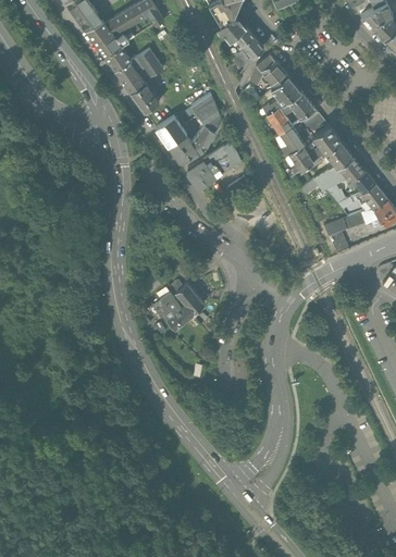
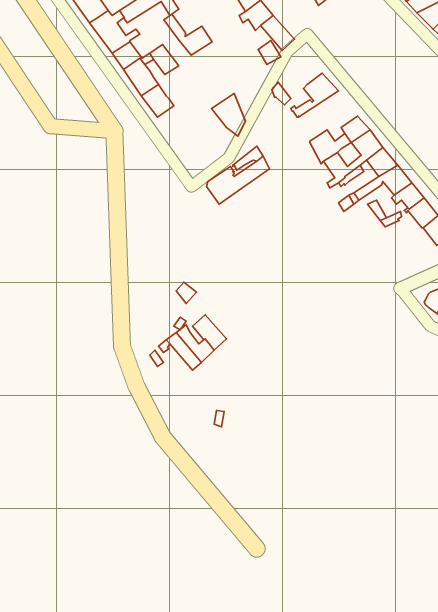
building: none -> [164,14,212,55]
building: [250,55,288,87] -> none
building: [267,92,314,134] -> none
building: [156,119,214,165] -> none
building: [324,213,366,256] -> none

